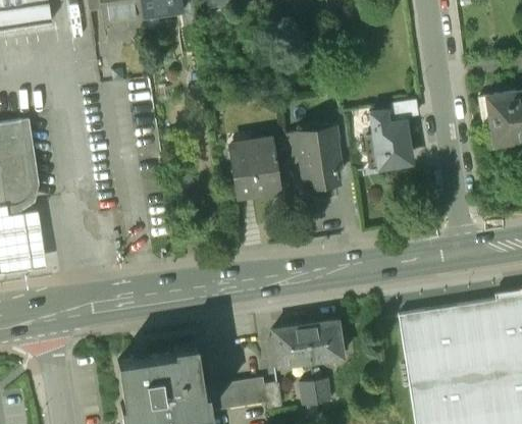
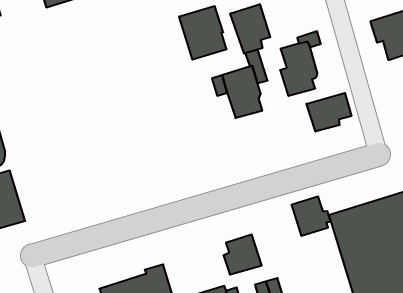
building: none -> [230,4,270,54]
building: [231,139,281,197] -> [179,6,227,60]
building: none -> [306,93,351,132]
building: [305,319,348,362] -> [291,197,331,236]

